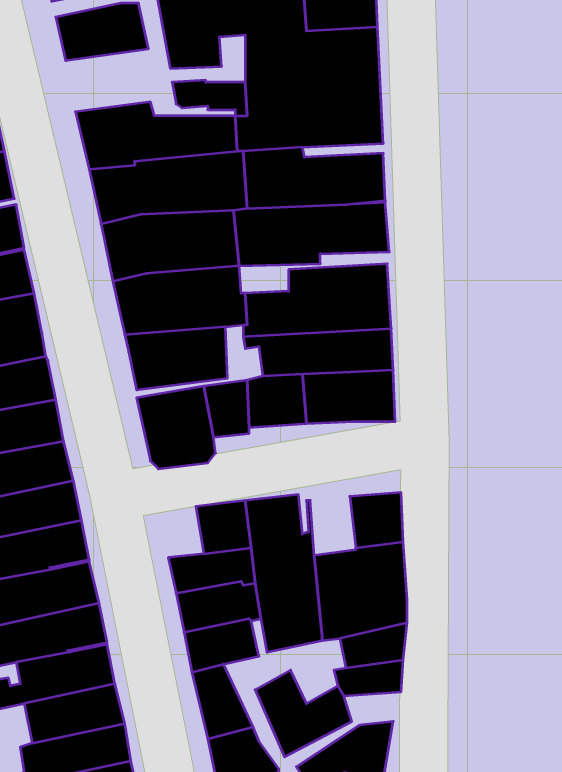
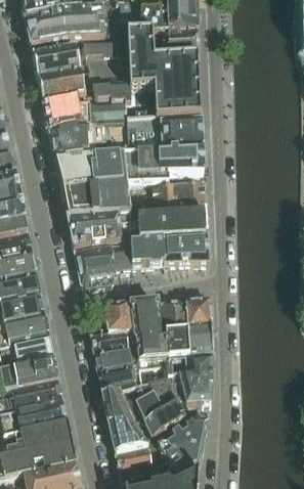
building: none -> [37,69,85,101]
building: none -> [164,301,187,331]

